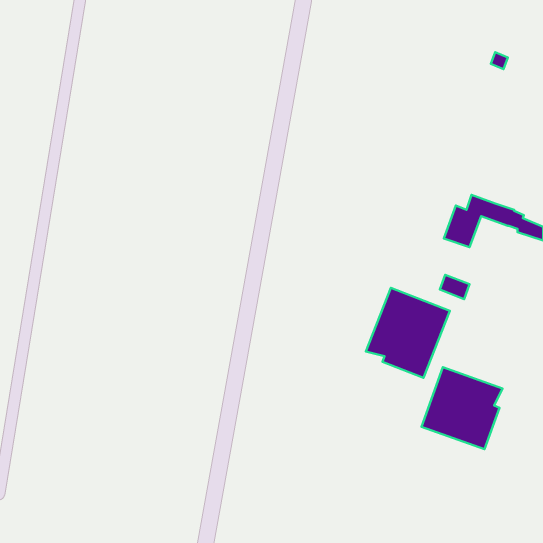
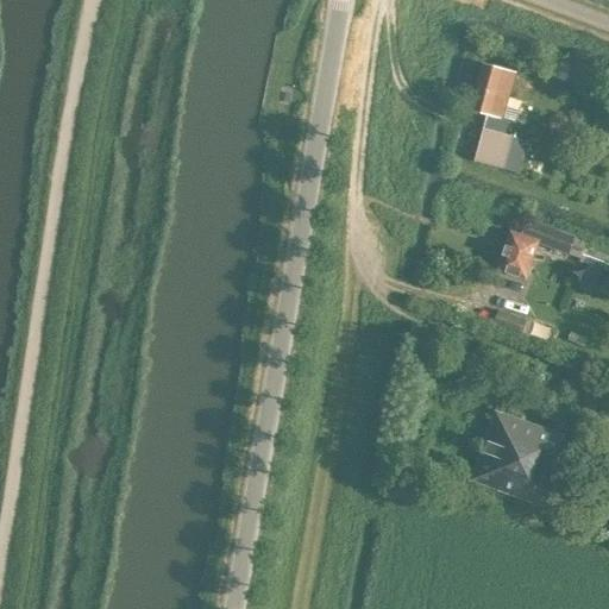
building: none -> [469,63,517,168]
building: [366,288,450,378] -> none

